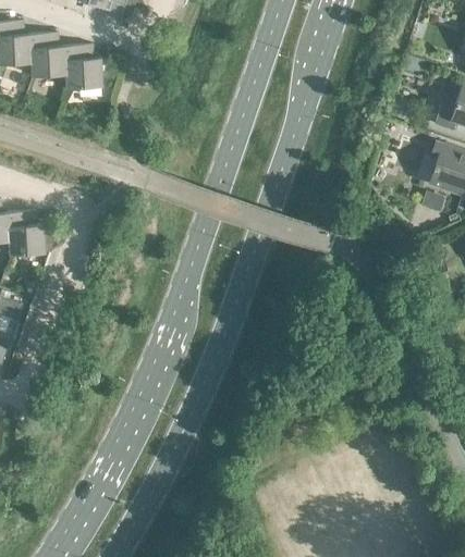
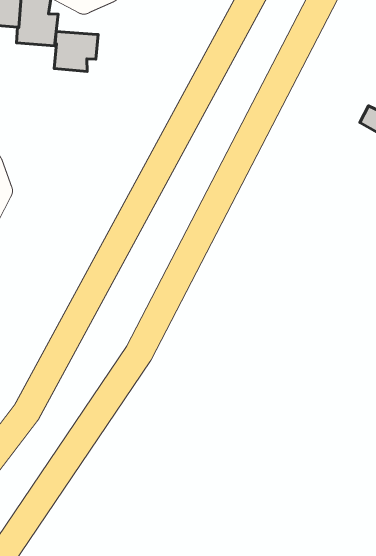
building: none -> [54,31,98,71]

